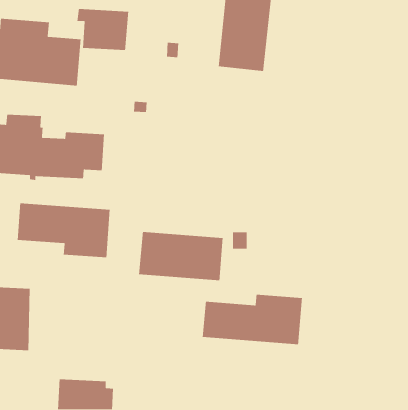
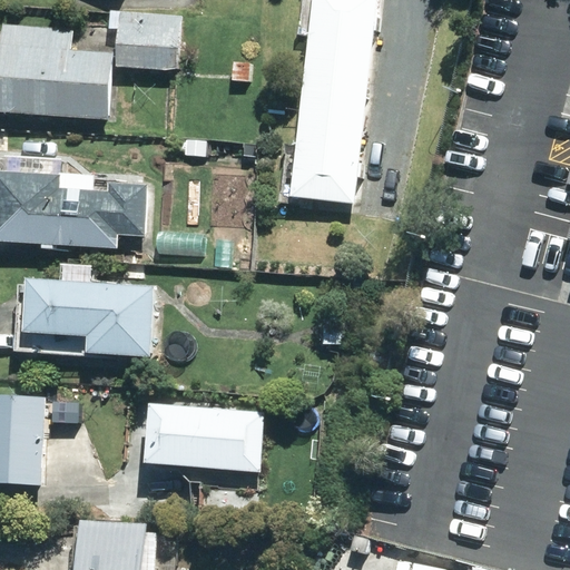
building: none -> [289,92,364,203]
building: [138,231,224,281] -> [144,404,262,473]
building: [202,294,303,345] -> none

